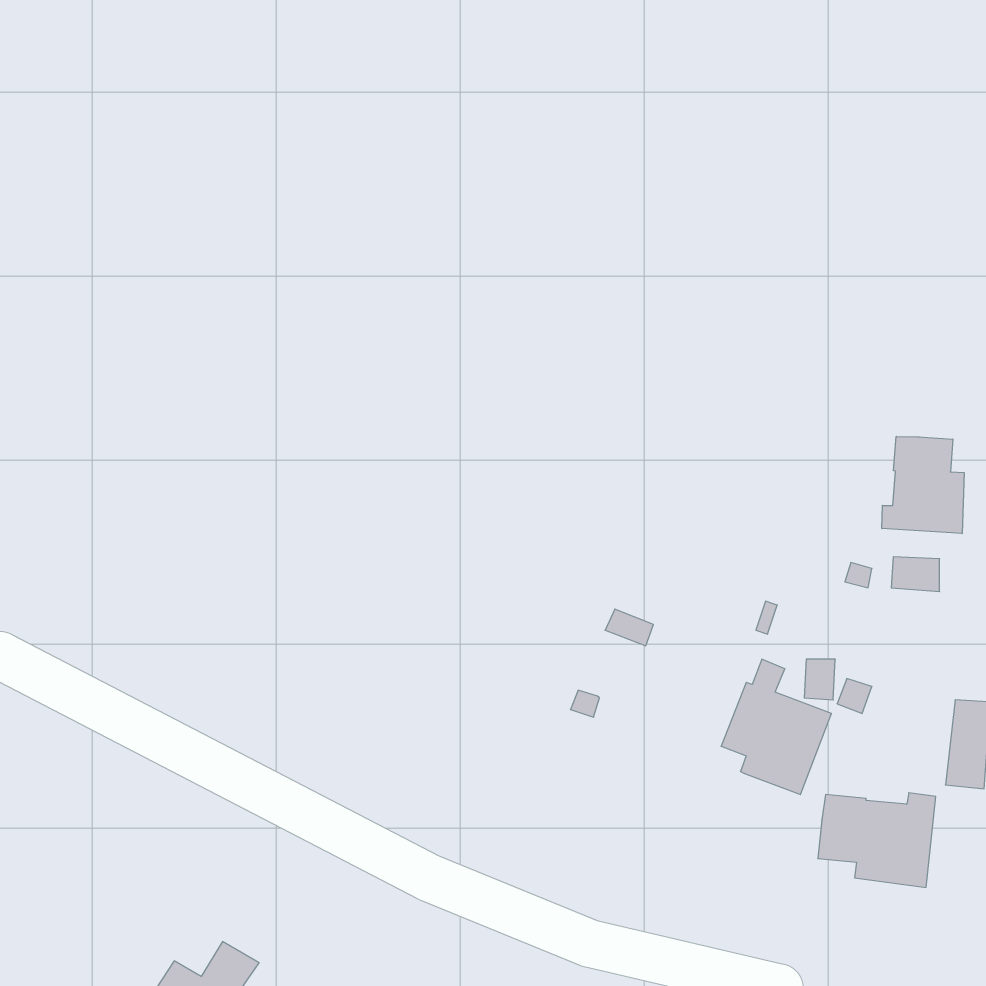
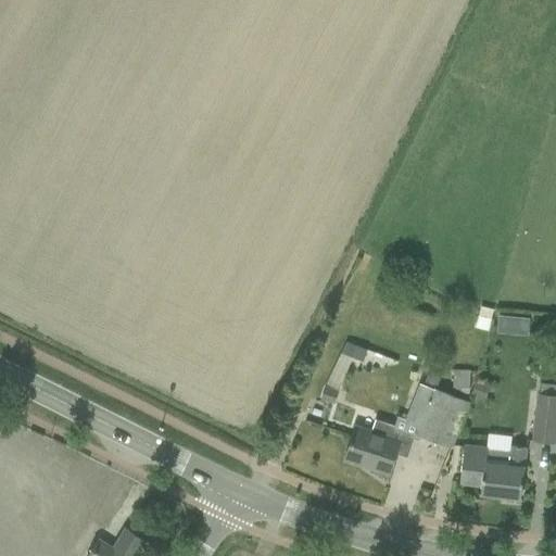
building: [882,436,964,534] -> none
building: none -> [345,421,414,475]

